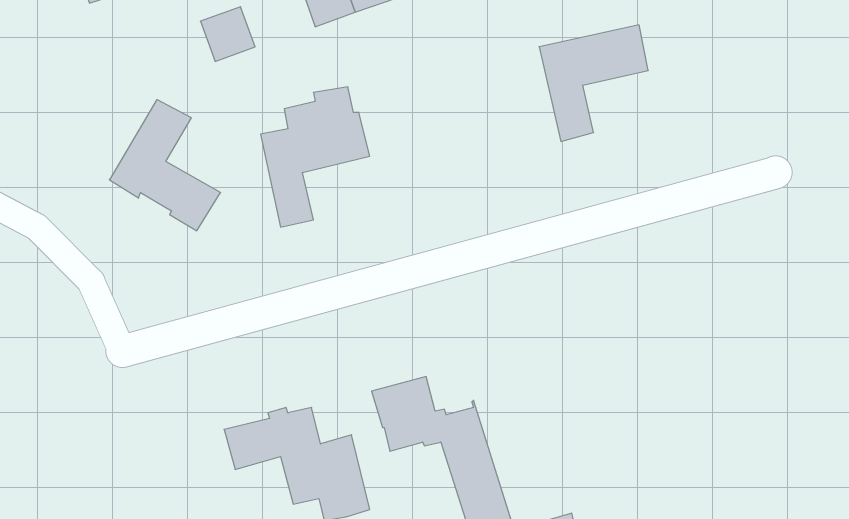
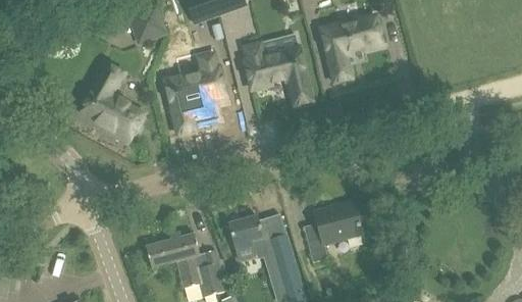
building: none -> [240,32,311,105]
building: none -> [302,200,361,261]

